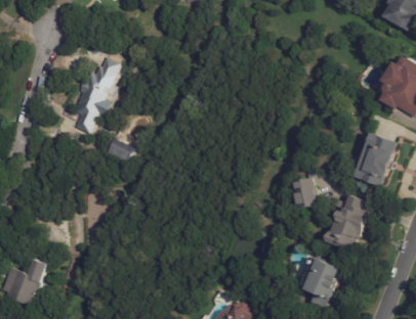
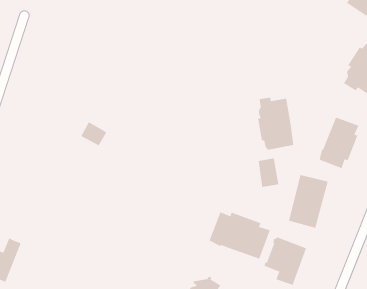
building: [72,63,115,134] -> none
building: none -> [258,97,294,151]
building: none -> [209,211,271,259]

